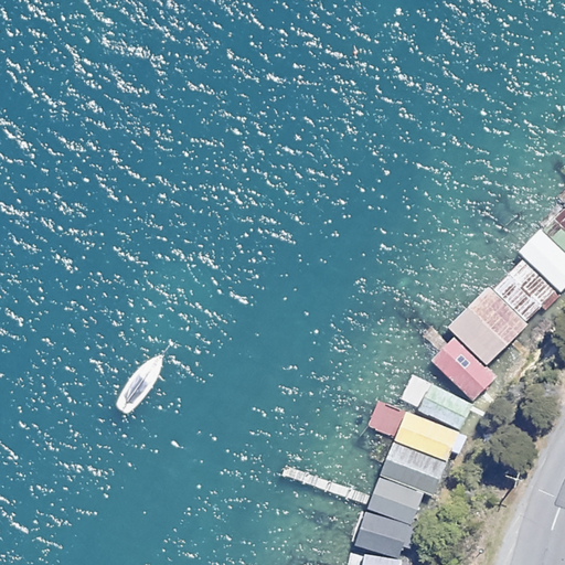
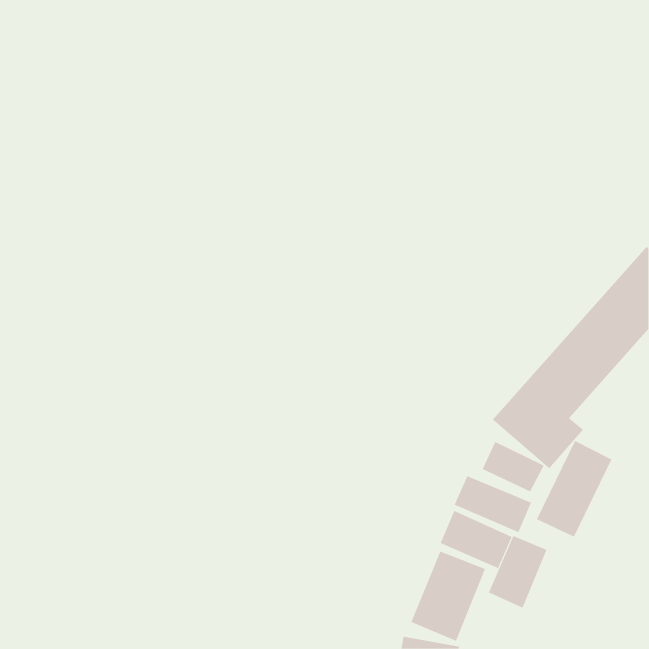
building: none -> [536,440,612,538]
building: none -> [488,535,547,608]

